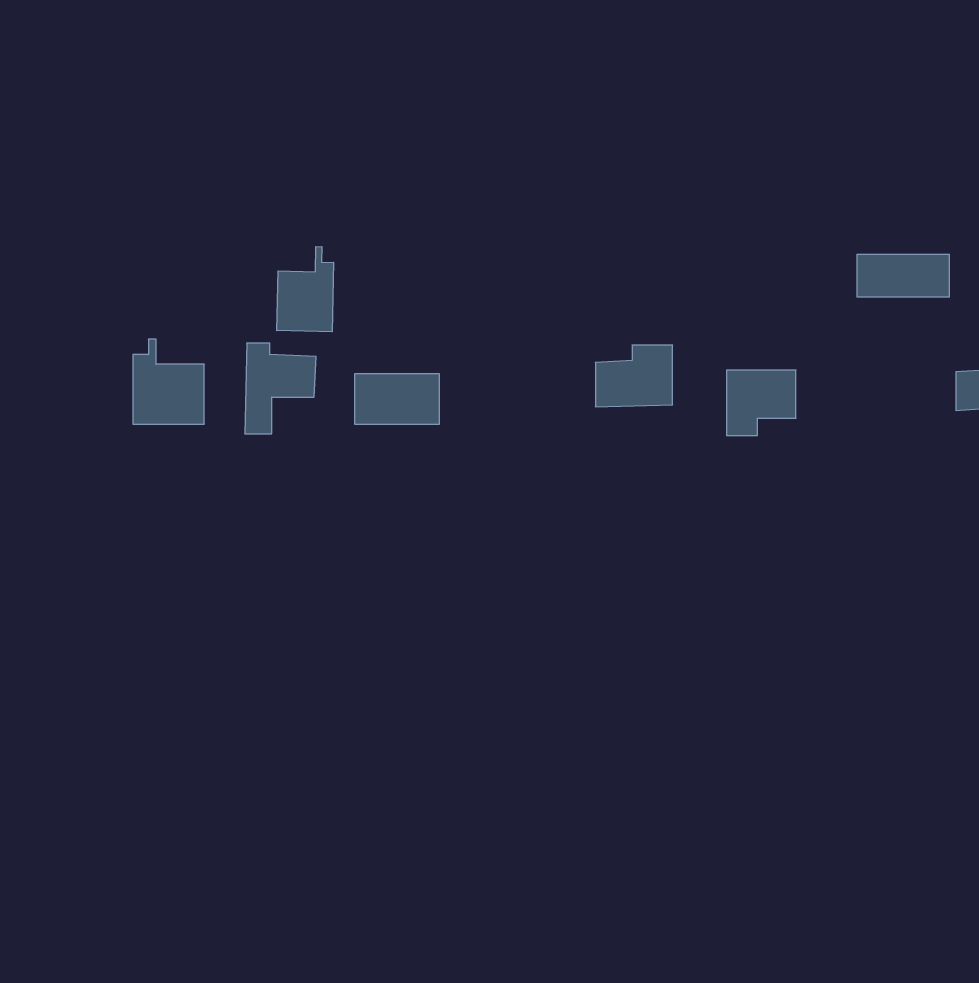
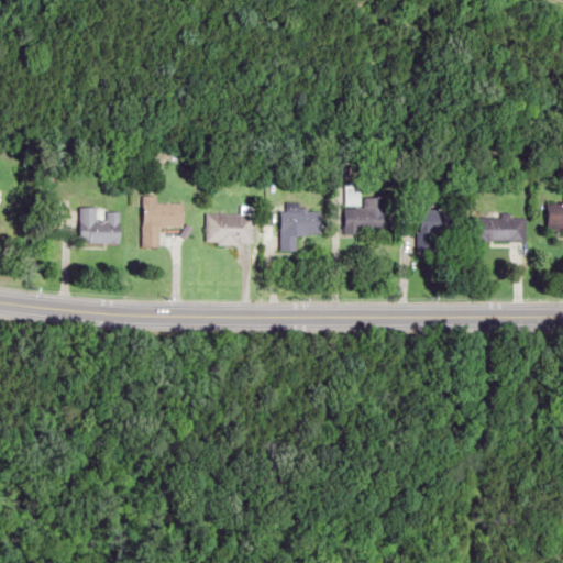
building: [277,247,334,332] -> none
building: [857,254,949,297] -> [472,218,525,242]
building: none -> [280,210,322,250]

